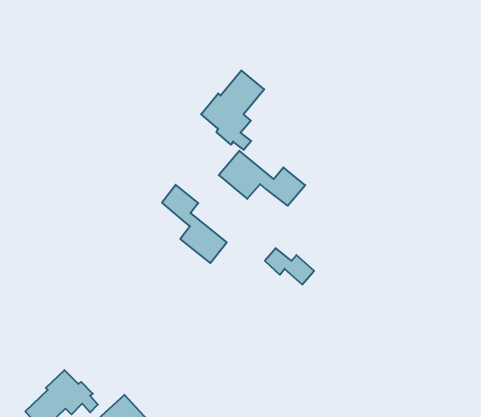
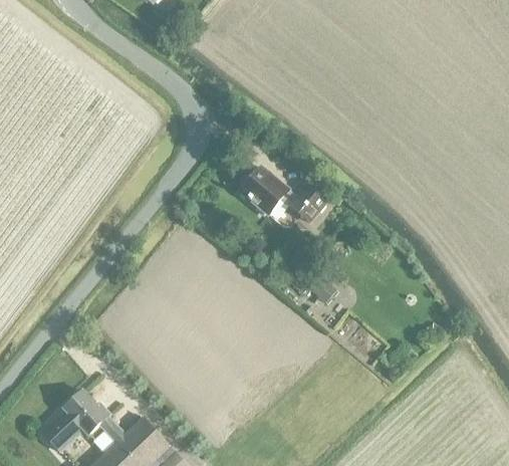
building: [201,70,264,150] -> none
building: [162,185,227,263] -> none

